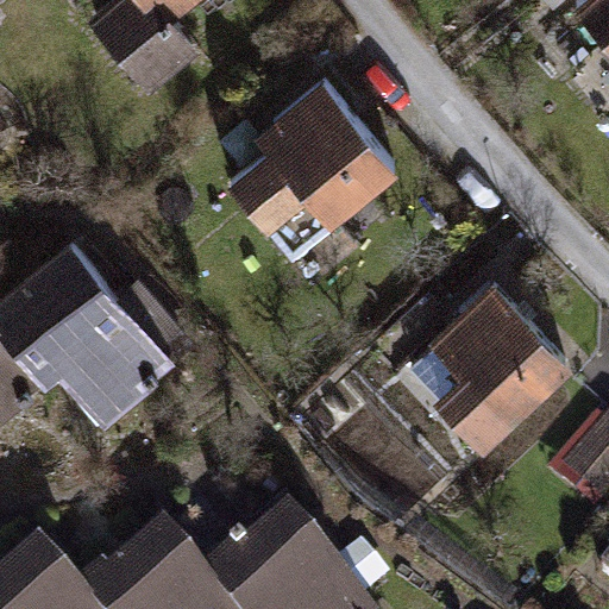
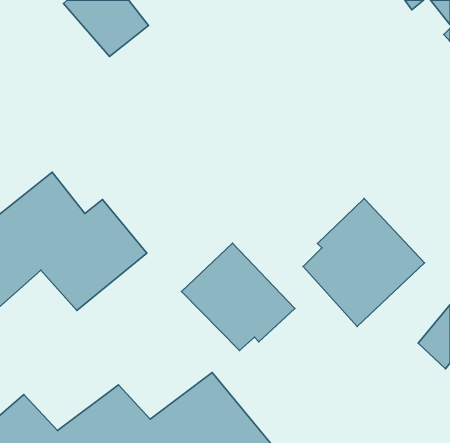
building: [227,76,397,265] -> none
building: none -> [181,243,295,350]

